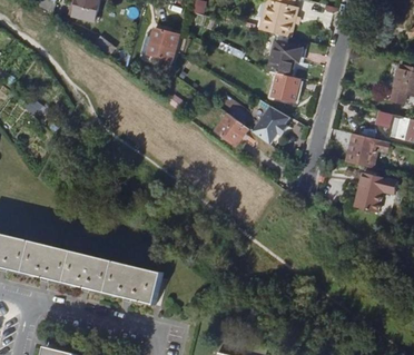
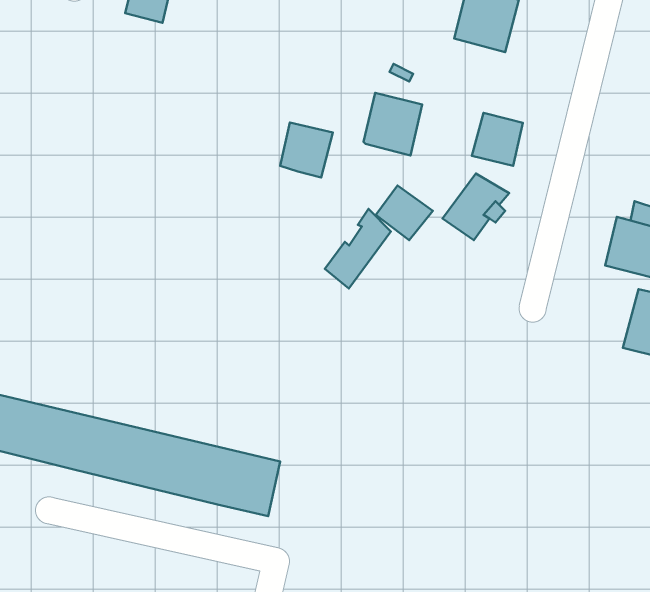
building: [146,30,176,61] -> [280,123,333,177]
building: [263,41,296,77] -> [364,93,422,155]
building: none -> [325,209,391,289]

